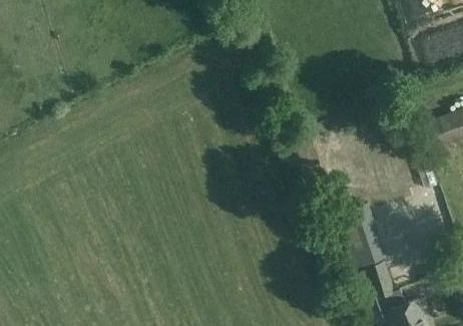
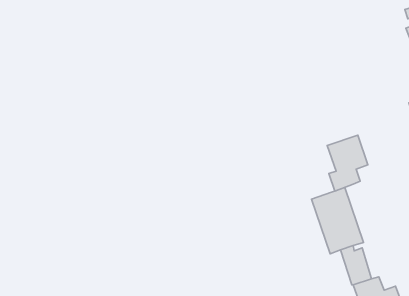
building: none -> [327,135,368,191]

